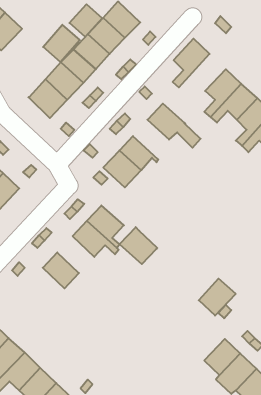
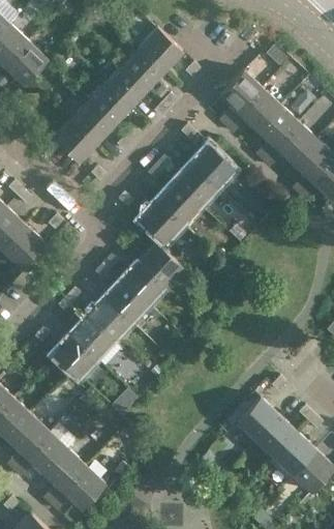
building: [69,4,102,37] -> none
building: [43,25,80,62] -> none
building: none -> [226,88,280,133]
building: none -> [174,164,215,209]
building: [119,227,157,264] -> [138,242,181,285]
building: none -> [87,297,129,340]
building: none -> [53,333,95,376]
building: [199,279,236,316] -> [237,398,279,440]

